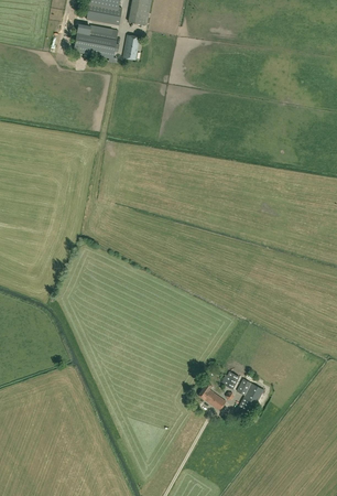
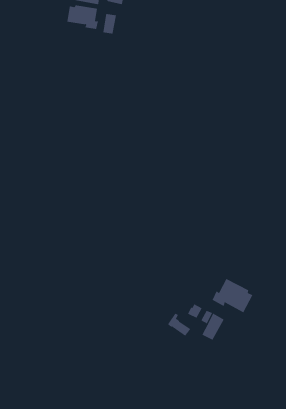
building: none -> [212,278,253,313]

